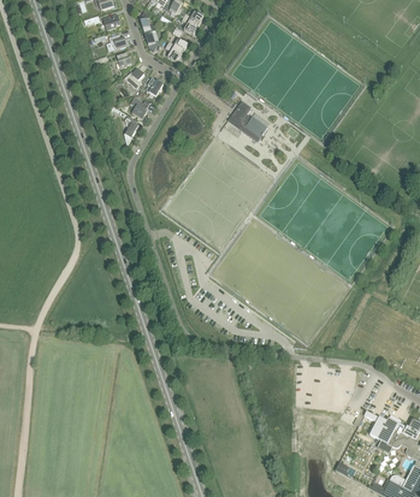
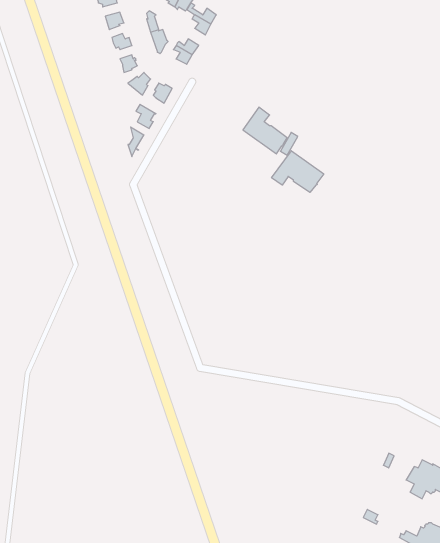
building: none -> [272,151,324,192]

